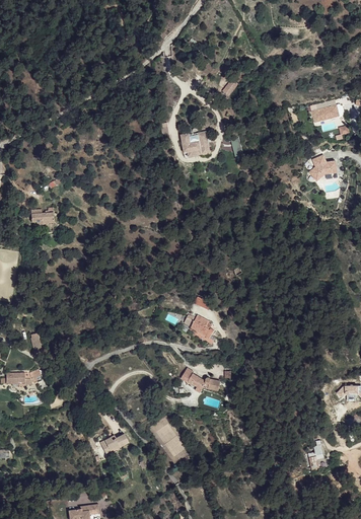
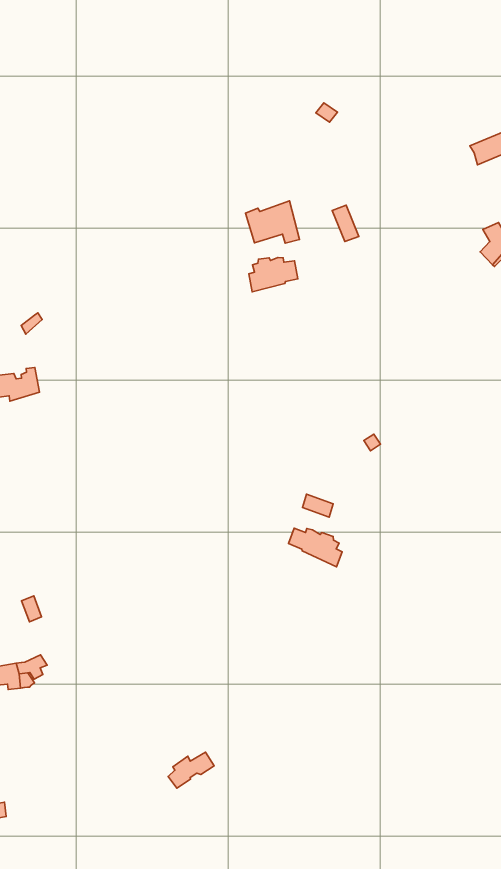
building: none -> [249,258,298,292]
building: [181,368,220,390] -> none

